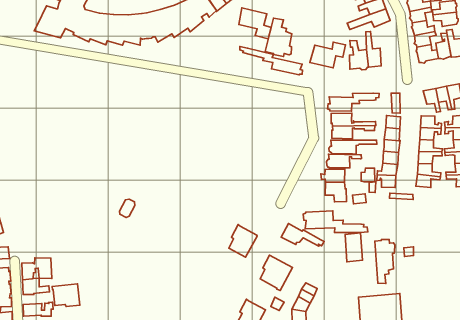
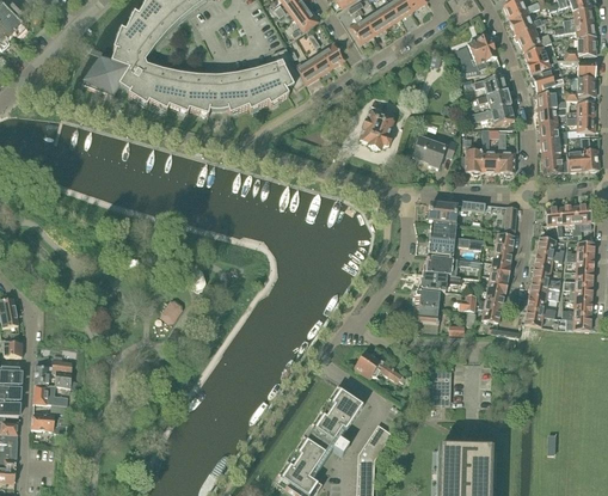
building: [239,8,271,39] -> none
building: none -> [497,130,515,174]
building: [240,47,303,75] -> none
building: [303,211,368,232] -> none
building: [229,224,257,257] -> [306,411,342,452]
building: [375,239,395,283] -> none
building: [52,284,80,307] -> none

